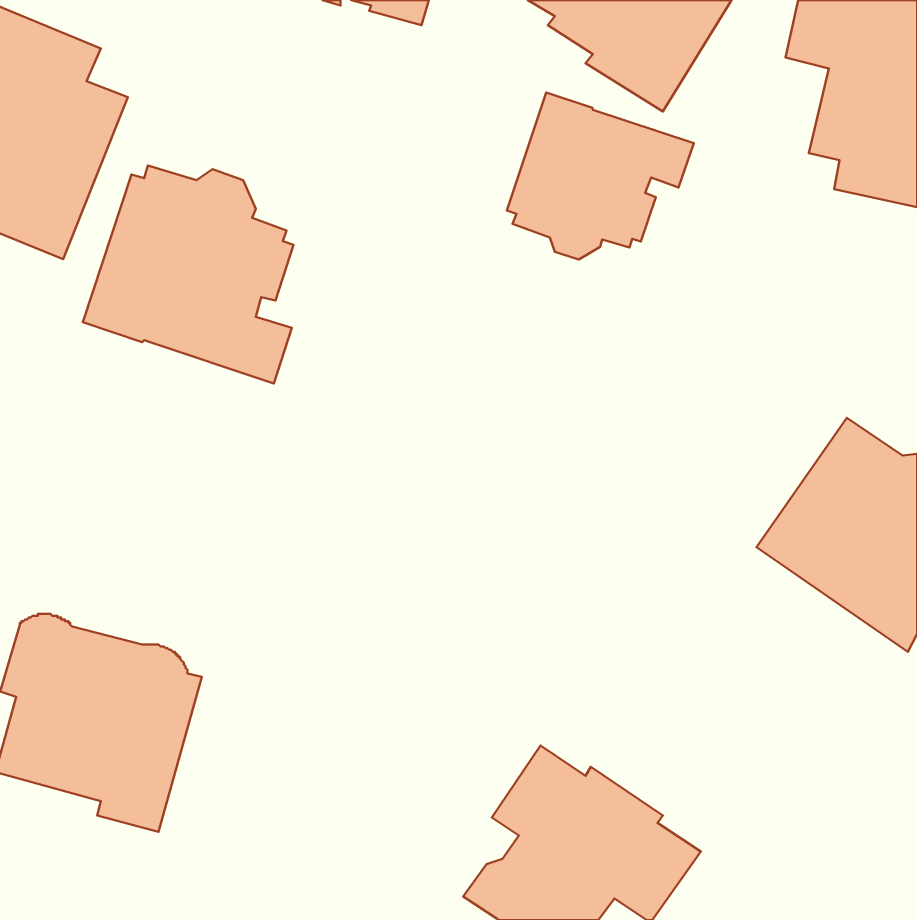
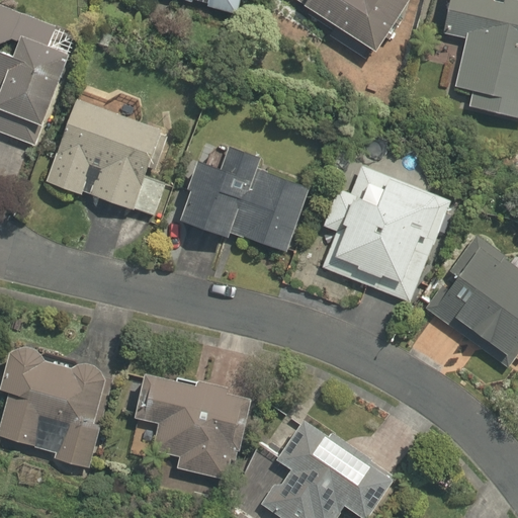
building: [507,93,694,259] -> none
building: none -> [180,144,309,252]
building: none -> [322,166,449,301]
building: none -> [136,372,252,479]

